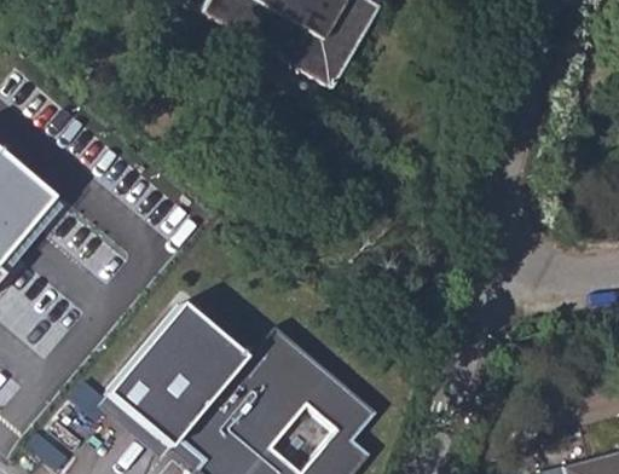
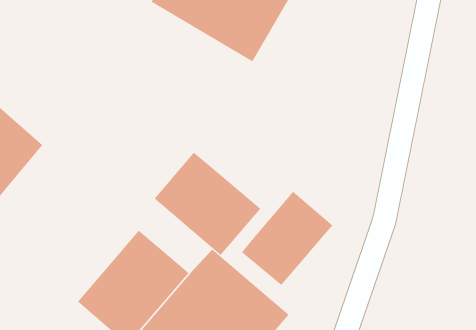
building: none -> [154,152,261,256]
building: none -> [241,191,333,286]

